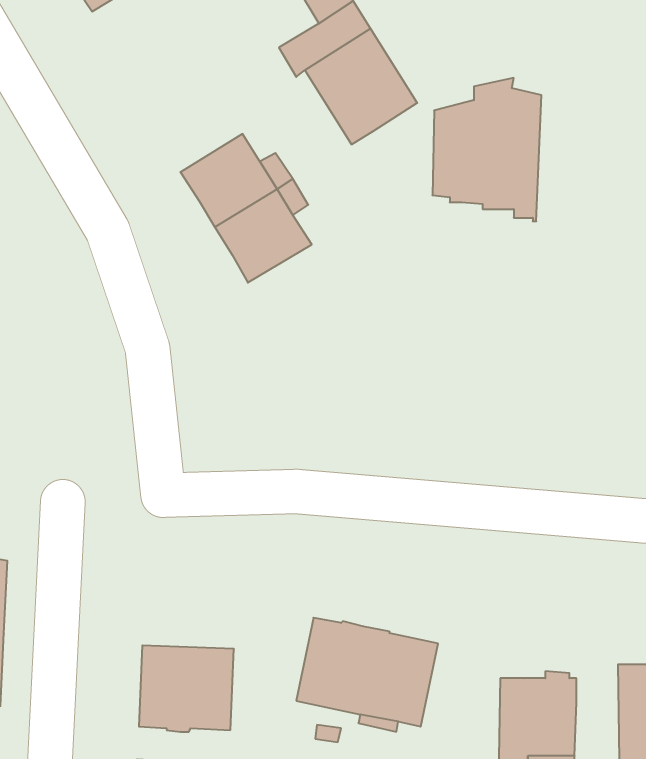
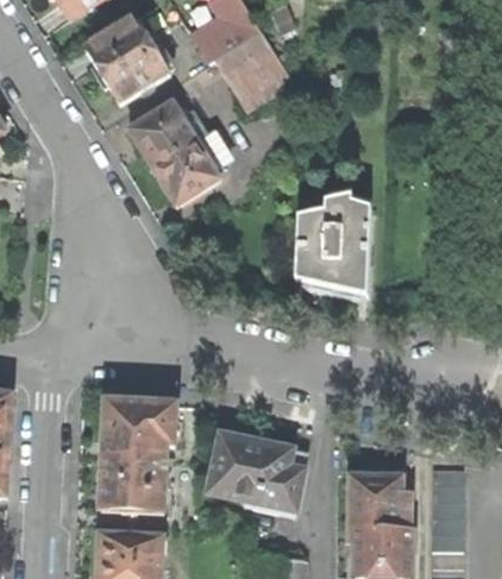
building: none -> [84,17,168,101]
building: [432,78,541,221] -> [295,195,370,294]
building: none -> [102,399,175,455]

